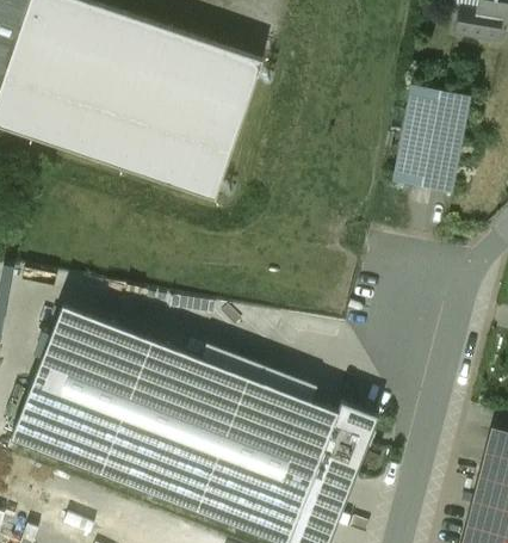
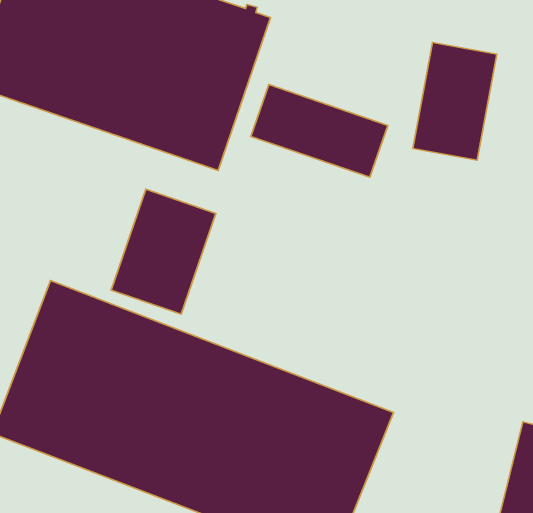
building: none -> [251,85,388,177]
building: none -> [111,189,216,314]

